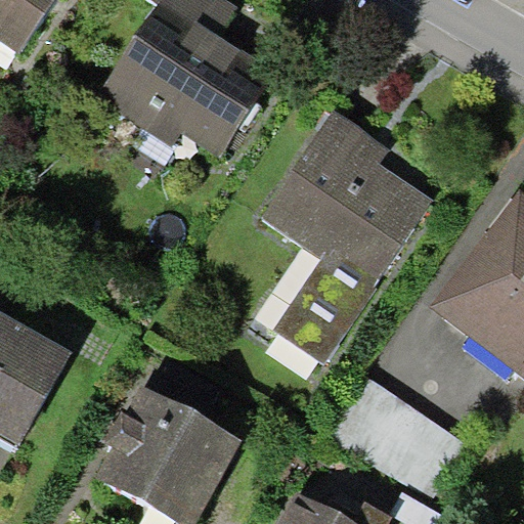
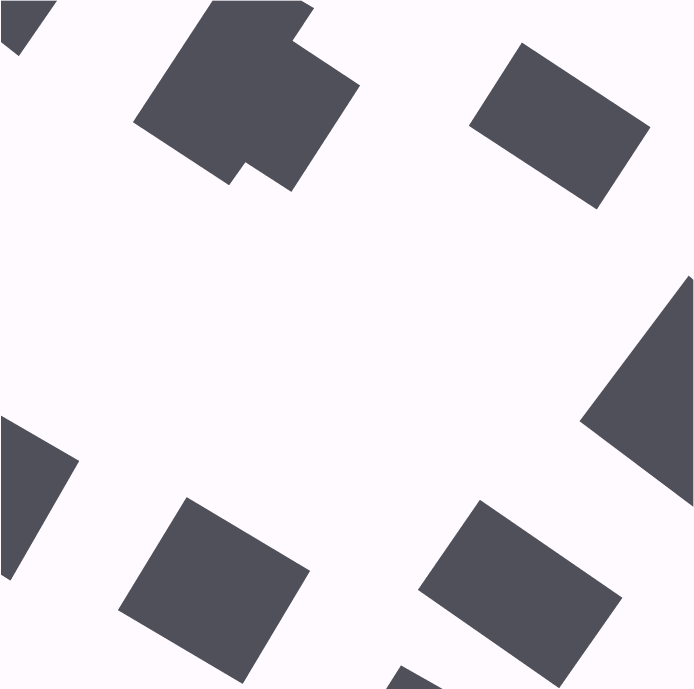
building: none -> [468,41,652,210]
building: [266,114,432,358] -> none

